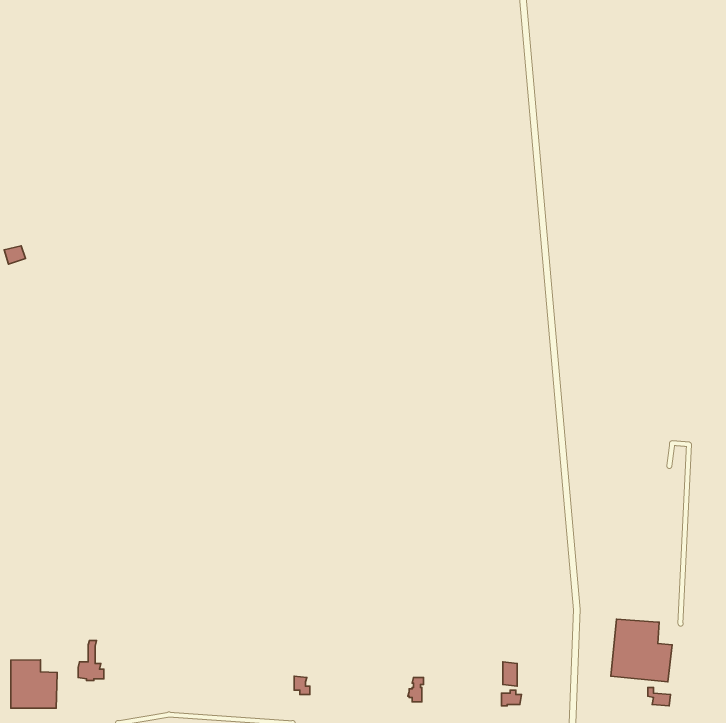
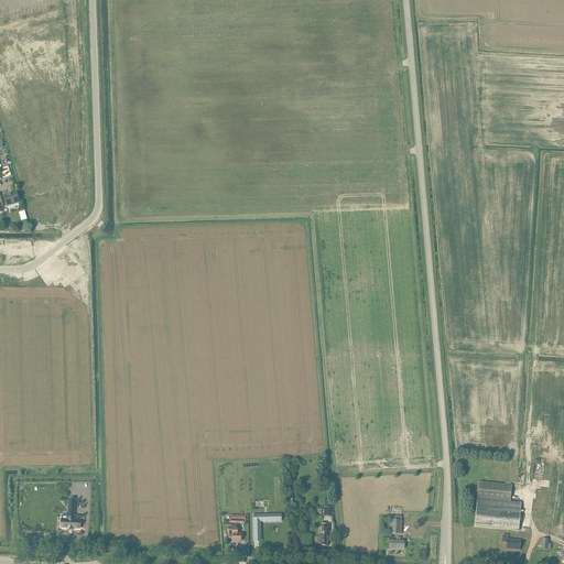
building: [11,660,57,708] -> none

